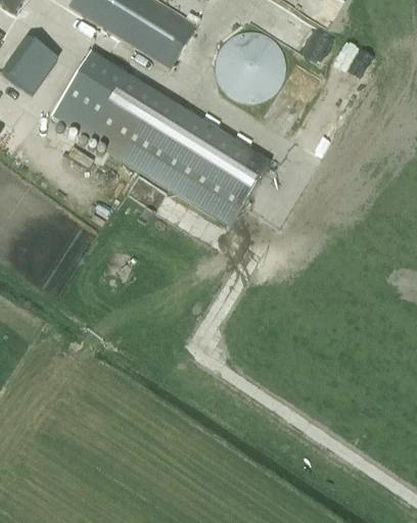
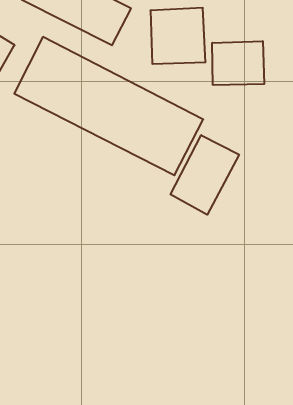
building: none -> [212,41,264,85]
building: none -> [171,135,239,215]

